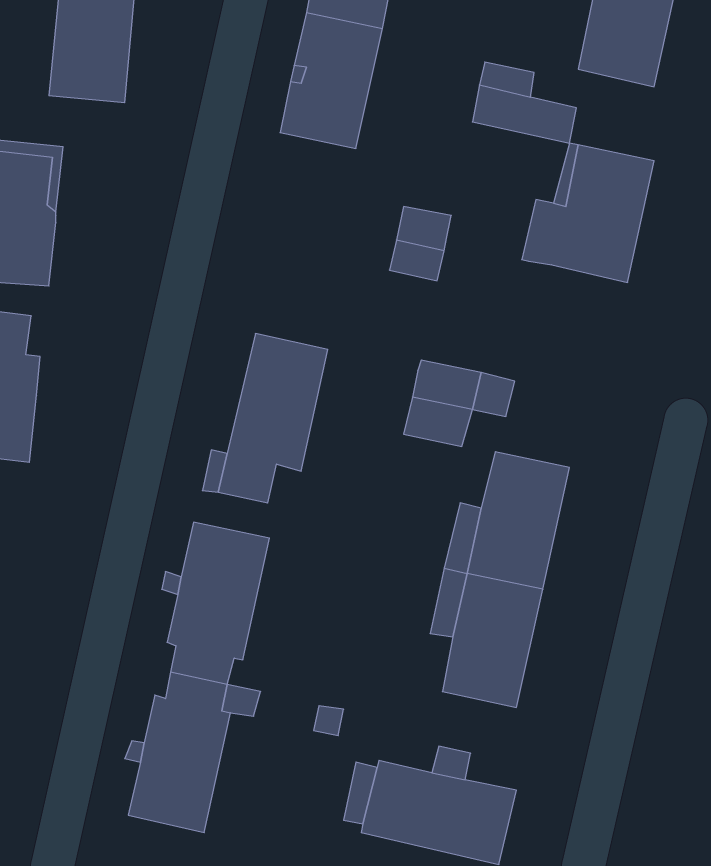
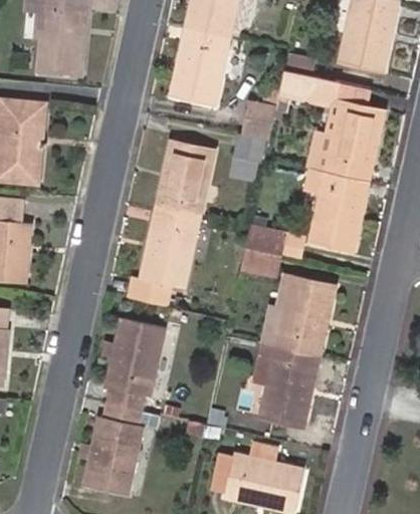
building: none -> [244,103,275,140]
building: none -> [156,142,213,219]
building: none -> [305,169,368,249]

